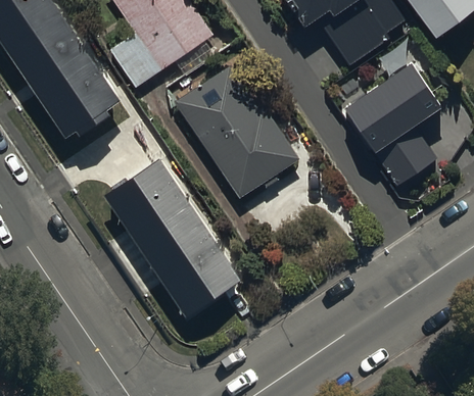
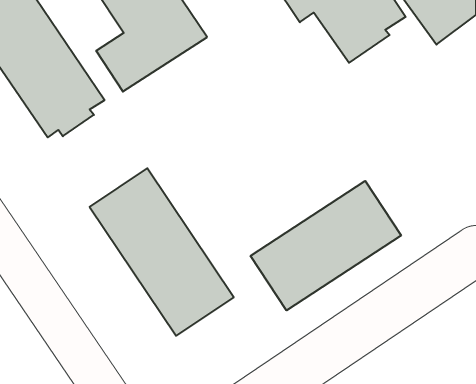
building: [344,60,441,182] -> none
building: [176,65,298,198] -> none
building: none -> [251,181,401,310]

